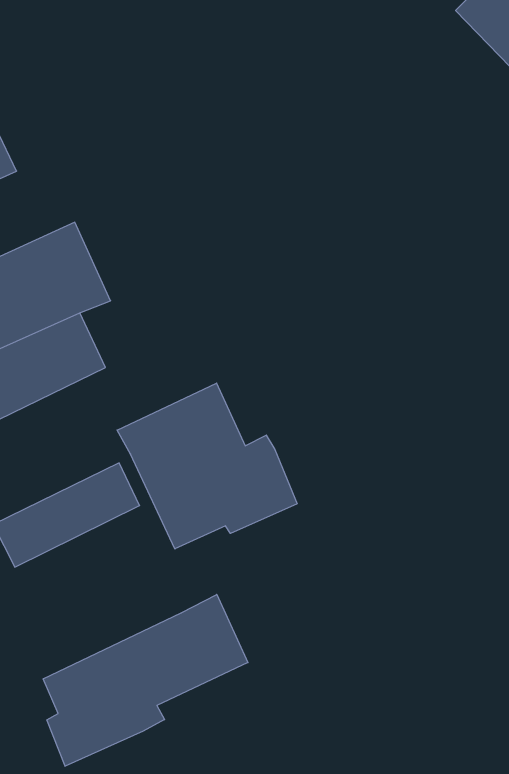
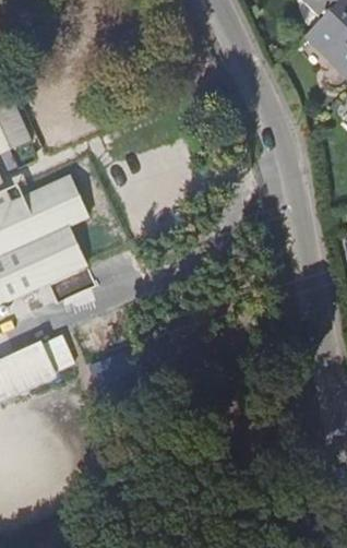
building: [117,383,297,549] -> none
building: [43,594,248,766] -> none

